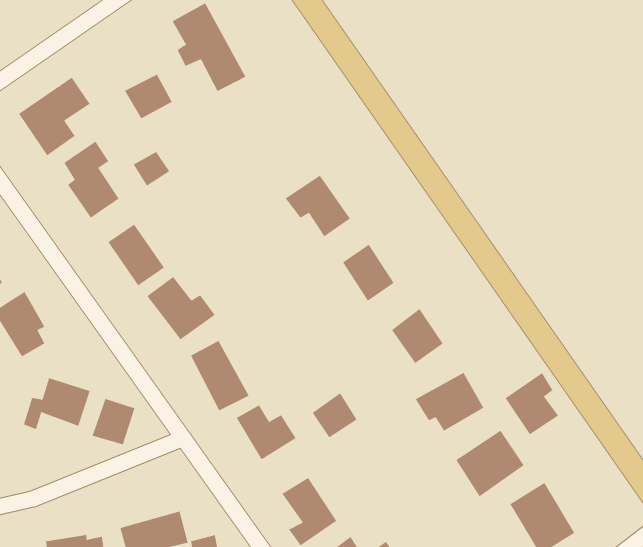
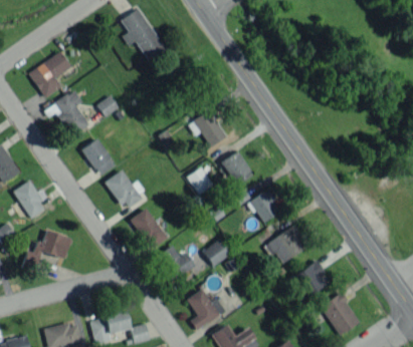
building: [124,74,173,119] -> none
building: none -> [187,166,213,194]
building: [505,372,559,435] -> none
building: [92,398,135,445] -> none

